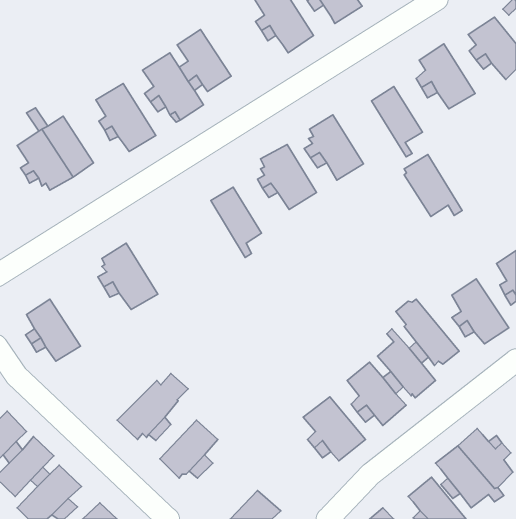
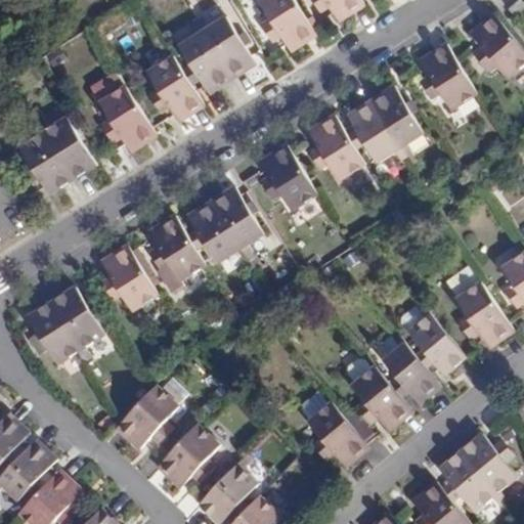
building: none -> [202,16,253,77]
building: [404,154,462,216] -> [350,101,408,164]
building: none -> [190,202,247,264]
building: none -> [145,216,206,293]
building: none -> [50,287,103,348]
building: none -> [202,453,257,515]

